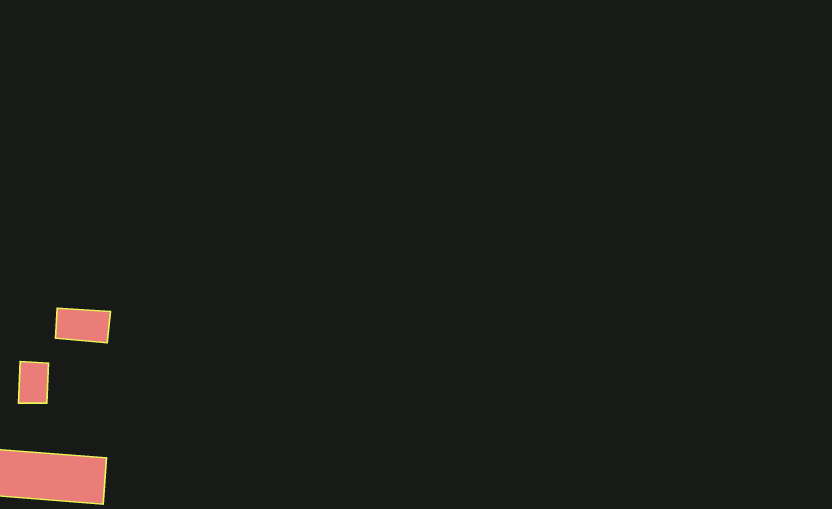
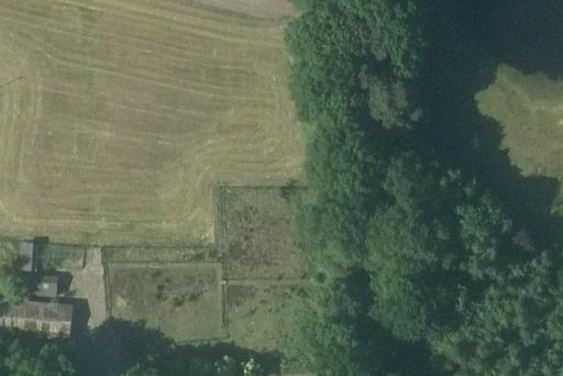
building: [56,308,110,343] -> [22,274,58,297]

